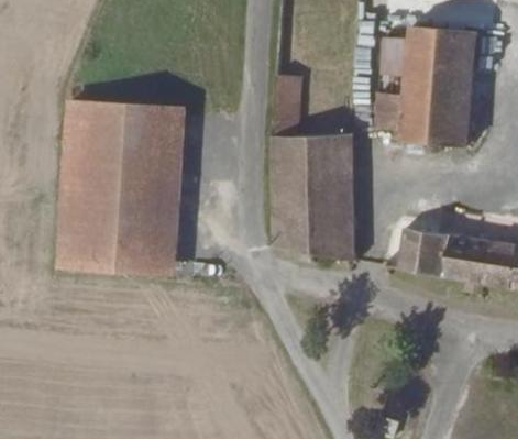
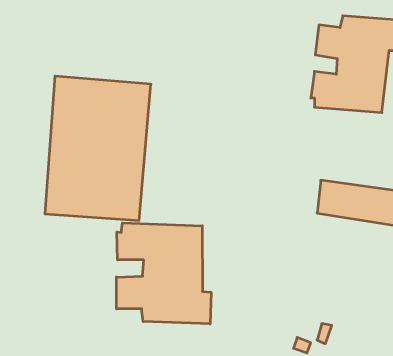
building: [274,78,352,260] -> none
building: none -> [116,223,211,324]

